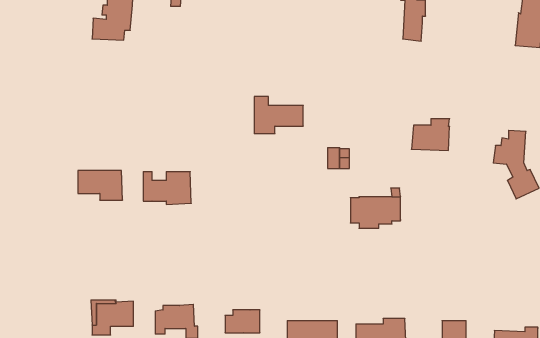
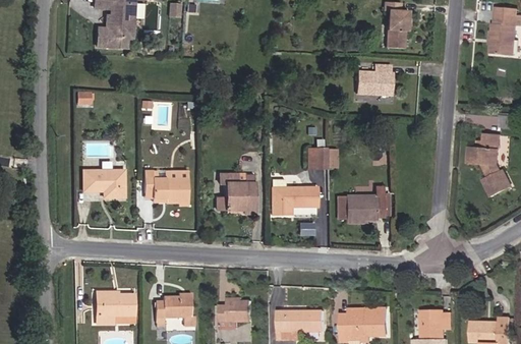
building: [254,97,303,134] -> [271,179,316,214]
building: [411,119,450,150] -> [355,65,391,95]
building: none -> [216,174,254,214]

